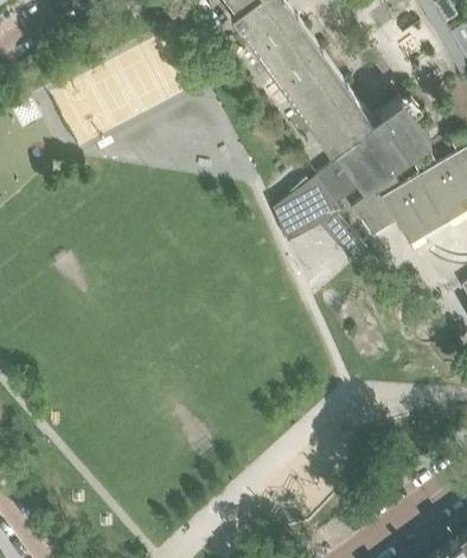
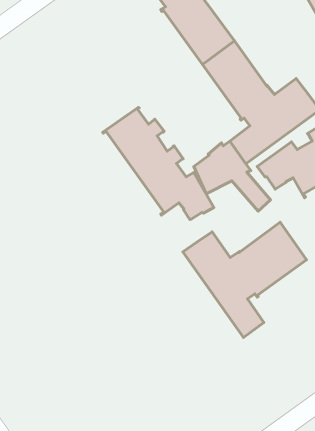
building: none -> [103,107,214,220]
building: none -> [183,222,307,338]

